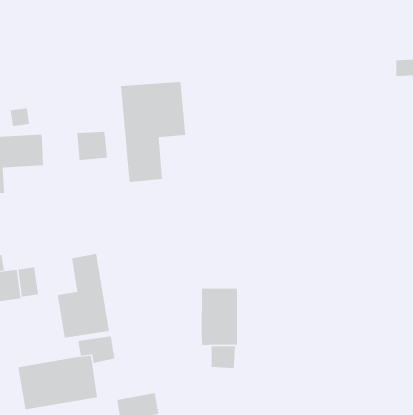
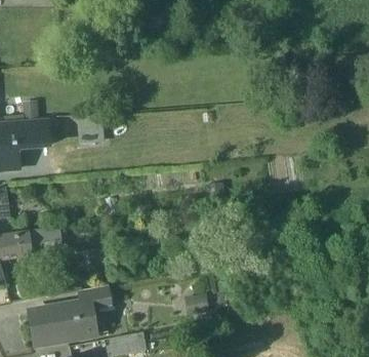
building: [121,81,186,183] -> none
building: [57,253,109,338] -> none
building: [201,288,237,346] -> none

